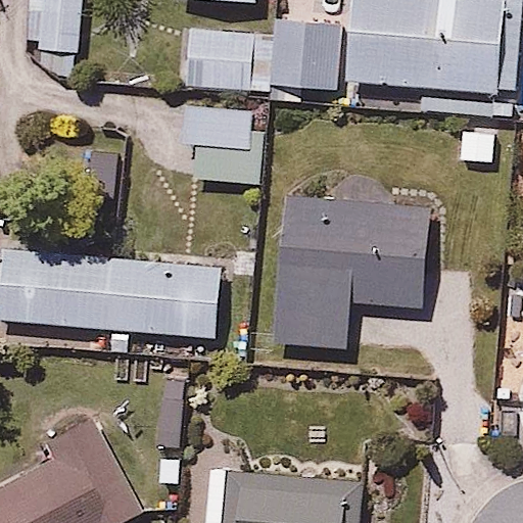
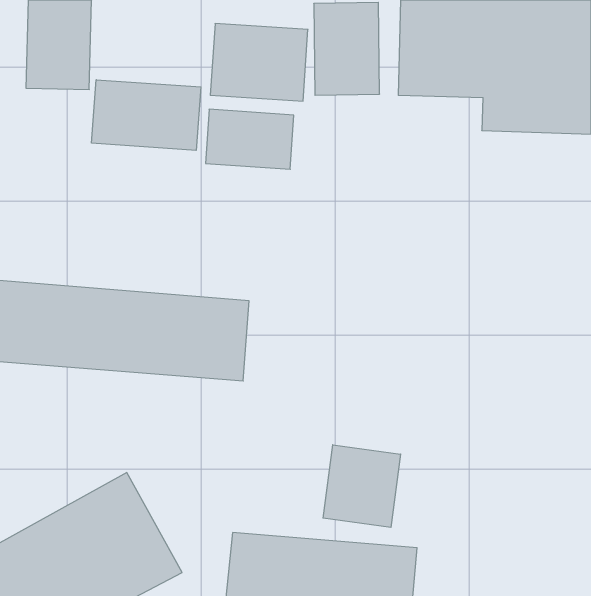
building: none -> [92,80,201,150]
building: [268,192,441,351] -> none
building: none -> [323,445,401,527]

